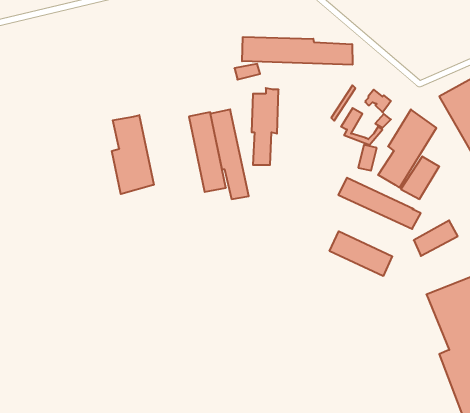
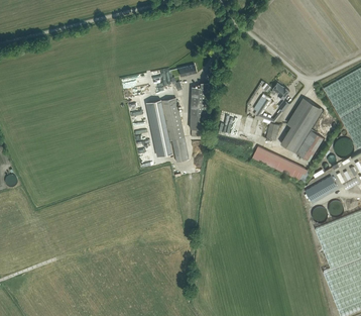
building: [242,37,352,65] -> none
building: [112,115,154,194] -> none
building: [330,231,392,276] -> none

